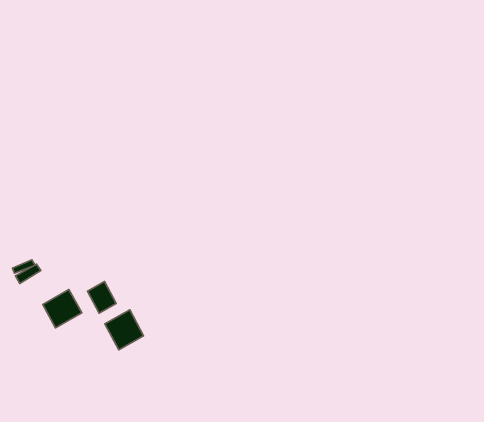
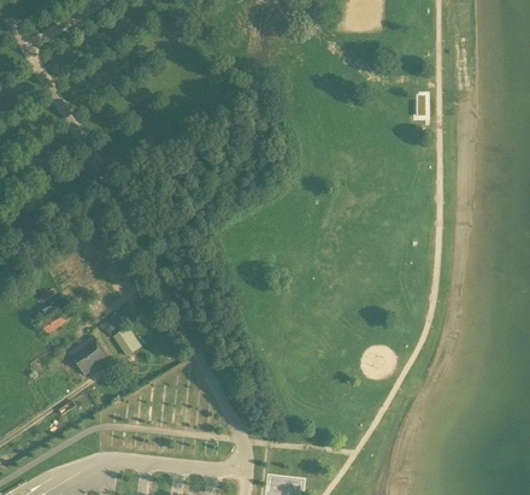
building: [105,310,144,350] -> none

